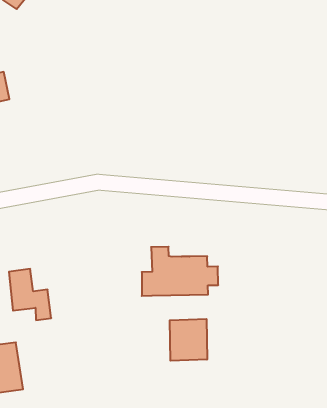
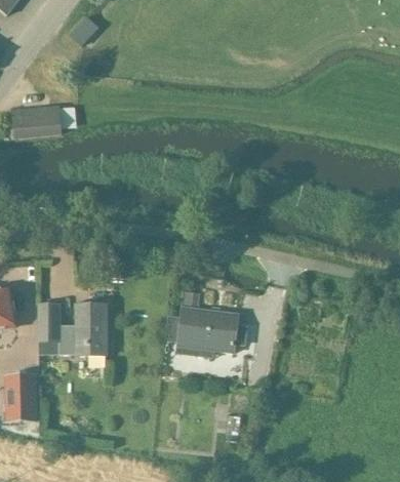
building: none -> [74,304,106,355]
building: [170,319,207,361] -> none

